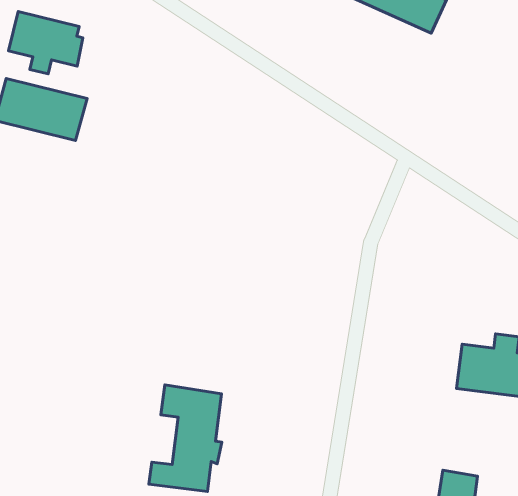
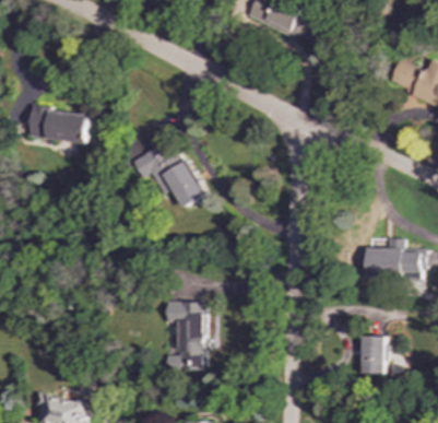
building: [9,11,83,74] -> none
building: none -> [132,142,206,207]

